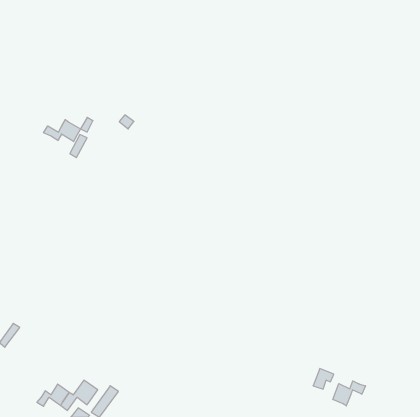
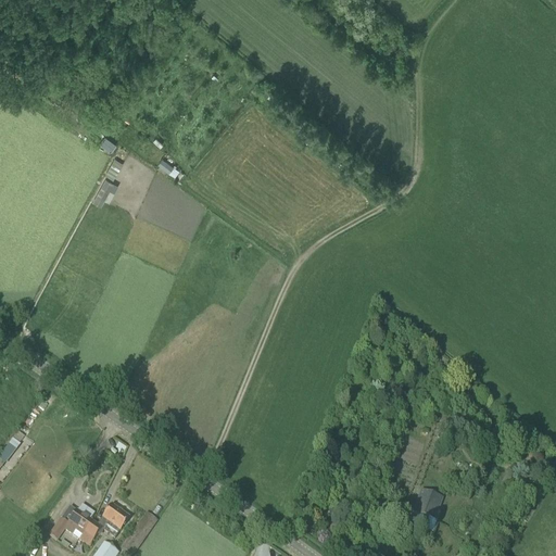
building: [44,120,81,142] -> none
building: [333,381,365,406] -> none

